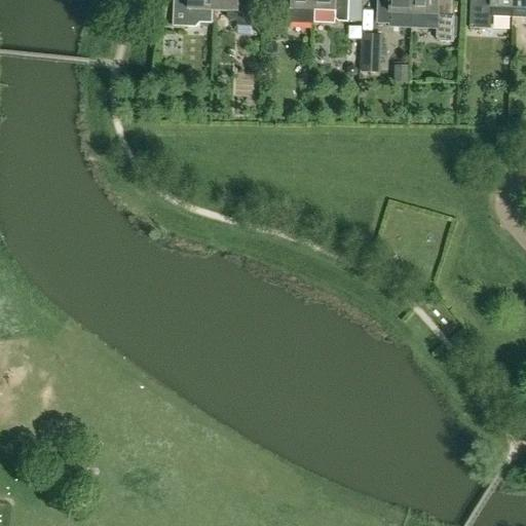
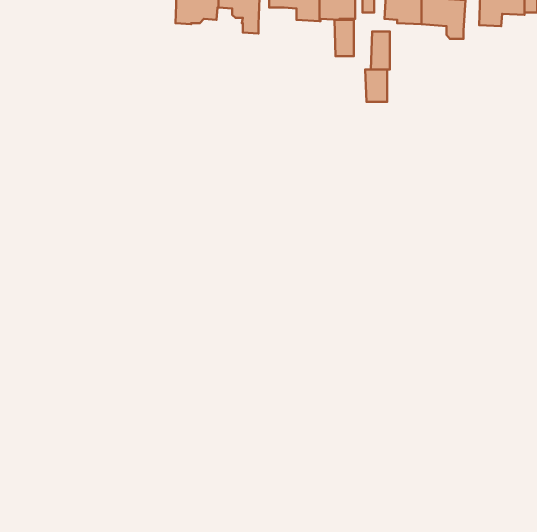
building: none -> [334,20,354,56]
building: none -> [365,69,387,102]

